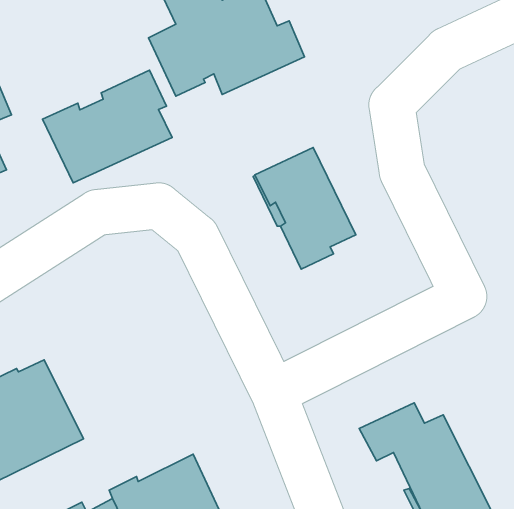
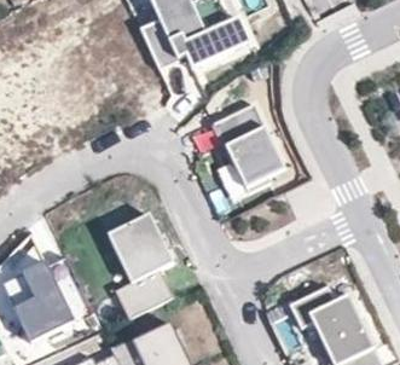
building: [43,70,172,183] -> none
building: none -> [106,214,172,317]

